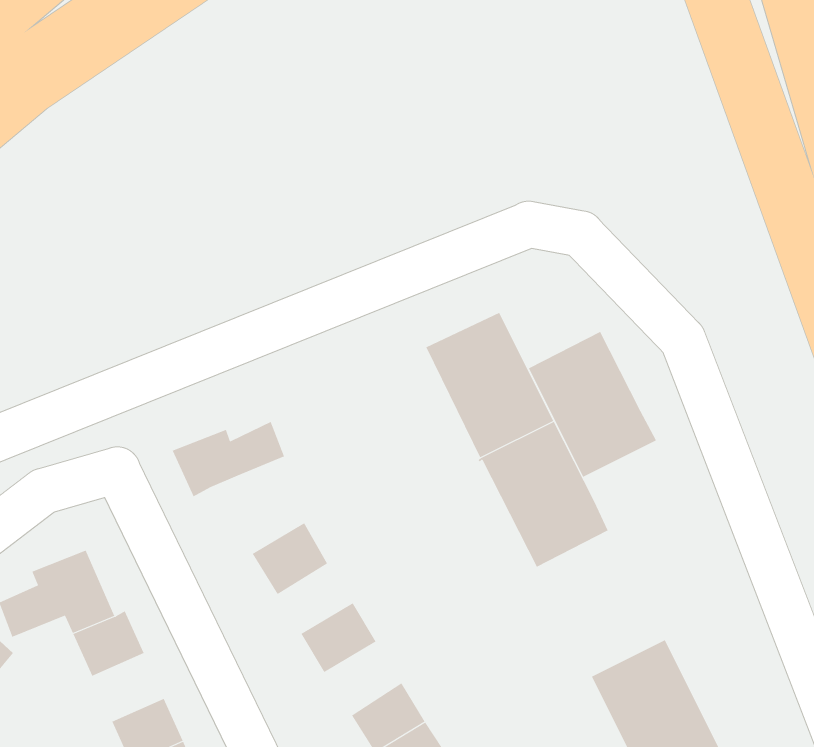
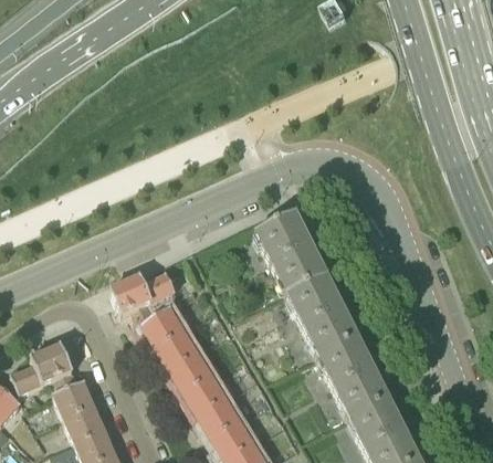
building: [528,331,657,477] -> [317,335,390,418]
building: none -> [133,304,186,348]
building: none -> [170,354,213,393]
building: none -> [197,398,241,440]
building: none -> [65,404,106,443]

